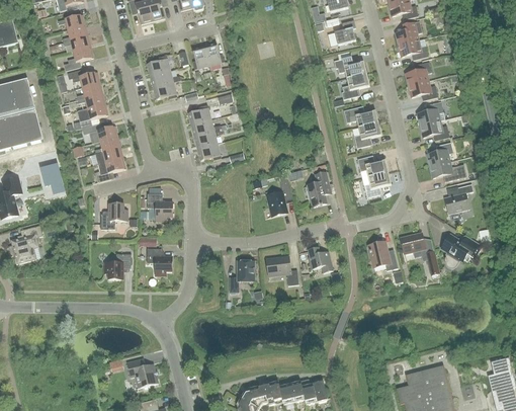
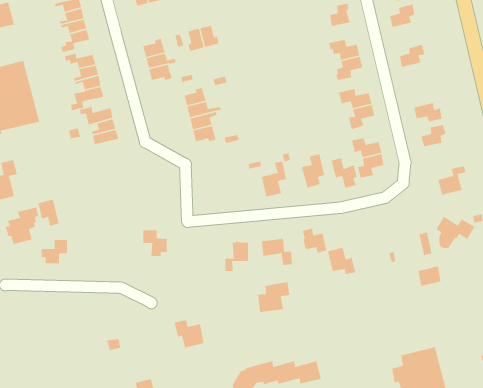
building: [398,39,427,60] -> none
building: [407,80,437,100] -> none
building: [416,101,442,125] -> none
building: [96,157,125,181] -> none
building: [429,161,465,181] -> none
building: [39,163,62,191] -> [37,199,60,227]
building: none -> [331,157,358,189]
building: [147,193,172,221] -> none
building: [100,203,126,229] -> none
building: [400,232,424,253] -> [417,266,442,287]
building: [367,241,397,269] -> [327,247,356,275]
building: [103,253,131,278] -> [41,239,68,264]
building: none -> [257,281,290,313]
building: [125,358,157,388] -> [174,319,205,348]

